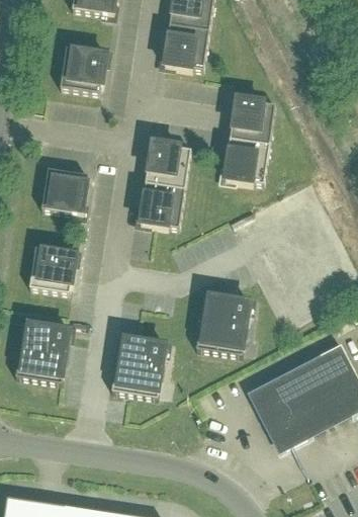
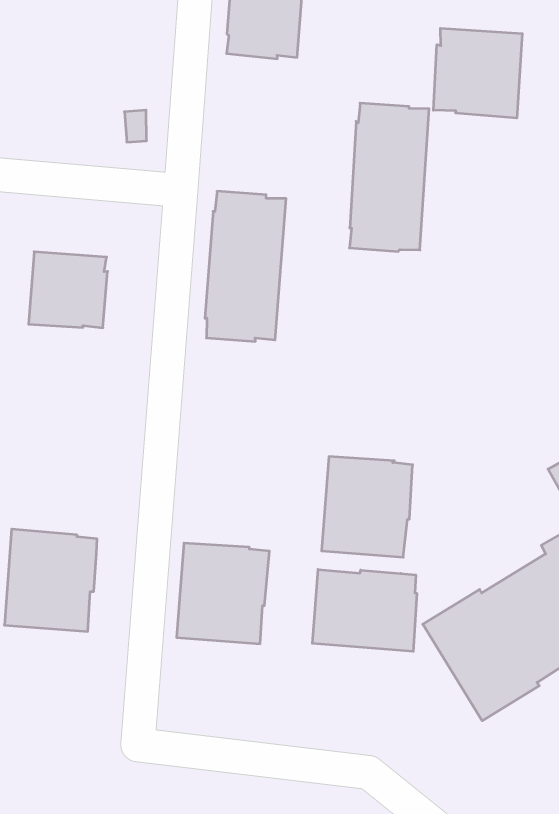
building: [59,45,106,91] -> none
building: none -> [433,28,522,118]
building: [28,245,76,290] -> none
building: none -> [312,569,417,651]

